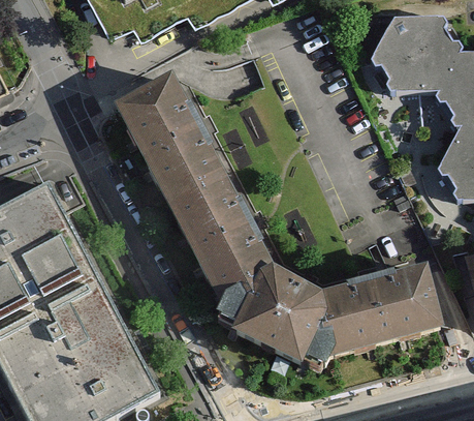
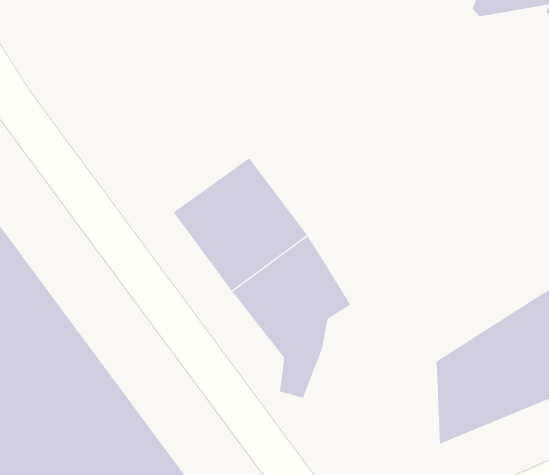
building: [120,71,219,183] -> none
building: [227,263,322,365] -> none

